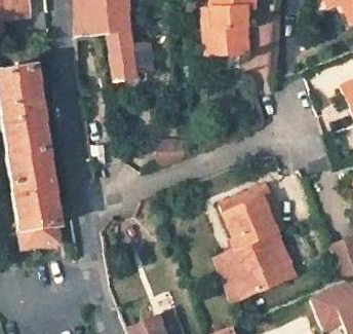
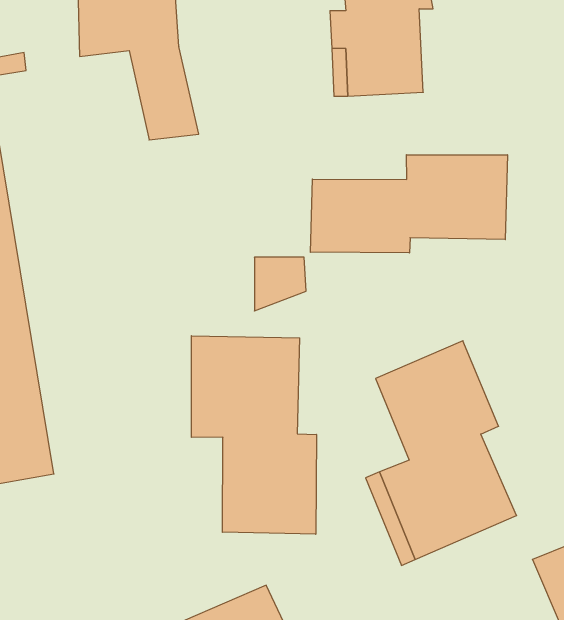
building: none -> [310,155,507,253]
building: none -> [191,336,316,534]

